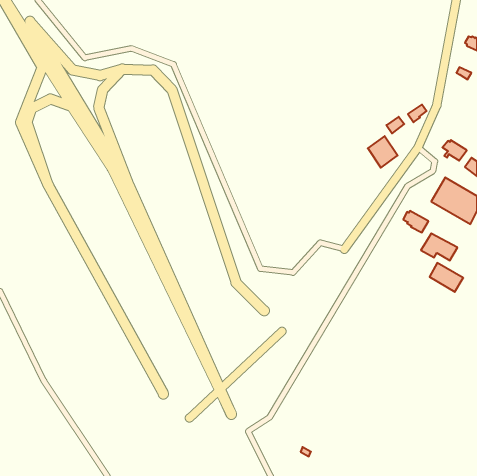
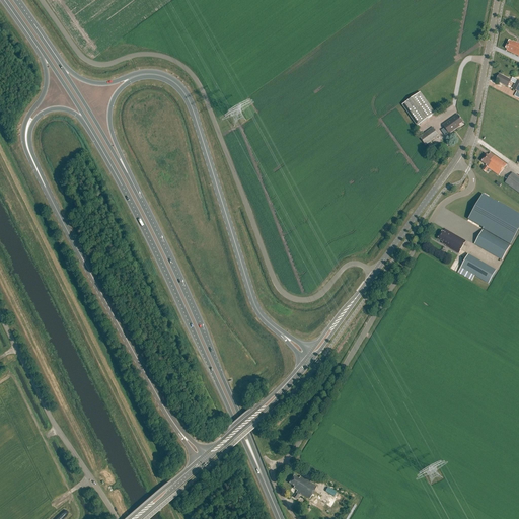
building: [368,136,398,168] -> [402,91,435,126]
building: [430,263,463,292] -> [474,228,511,260]
building: none -> [289,474,317,498]

